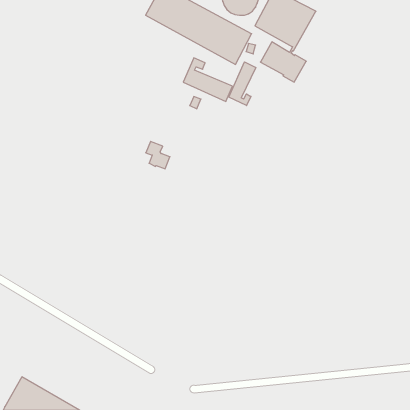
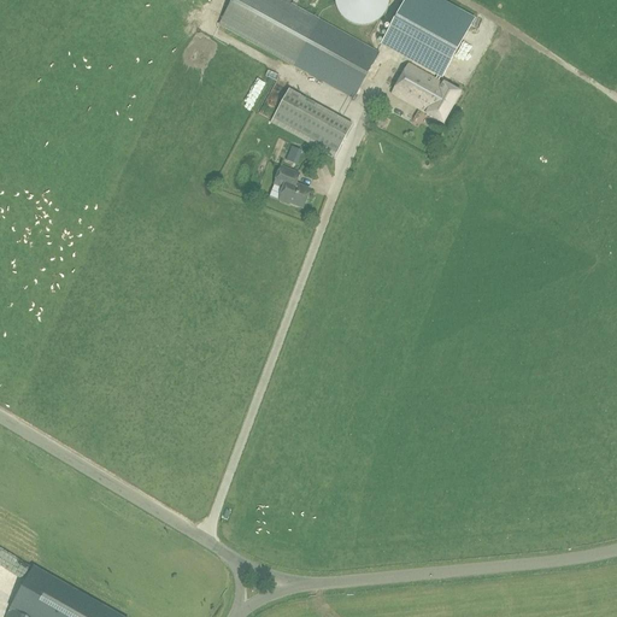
building: [229,62,256,106] -> none
building: [146,141,170,169] -> [274,165,310,206]

